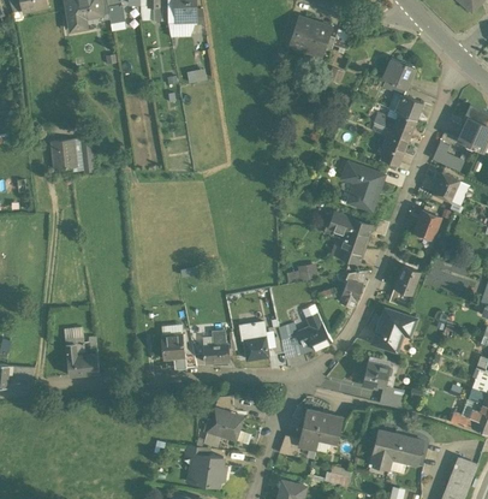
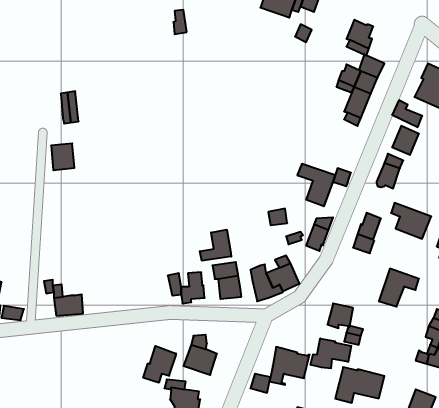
building: [52,137,77,166] -> [51,143,74,170]
building: [343,161,383,210] -> none
building: none -> [200,230,231,261]
building: [373,309,416,350] -> [379,269,419,307]
building: [161,332,185,358] -> none
building: none -> [311,338,351,368]
building: none -> [143,346,176,383]

